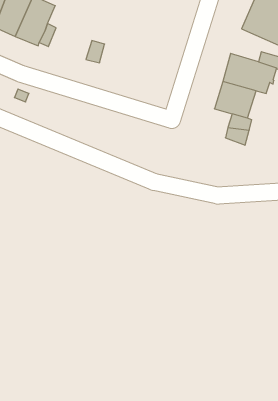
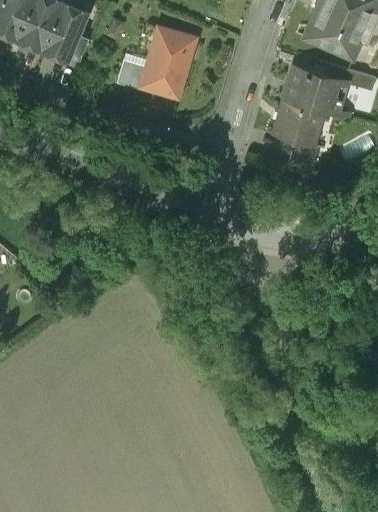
building: none -> [140,28,194,97]

